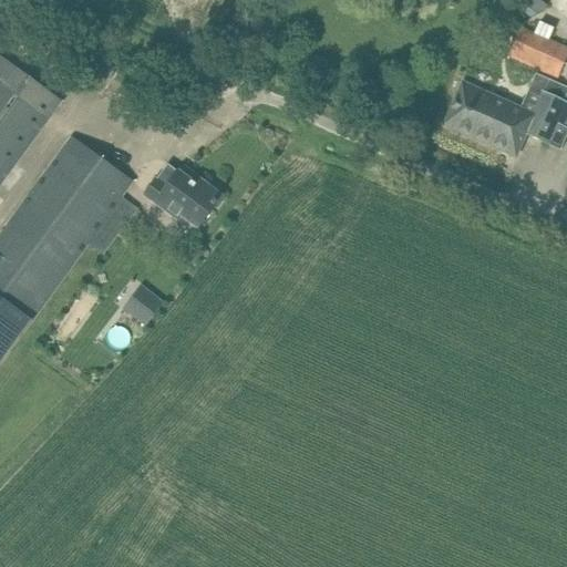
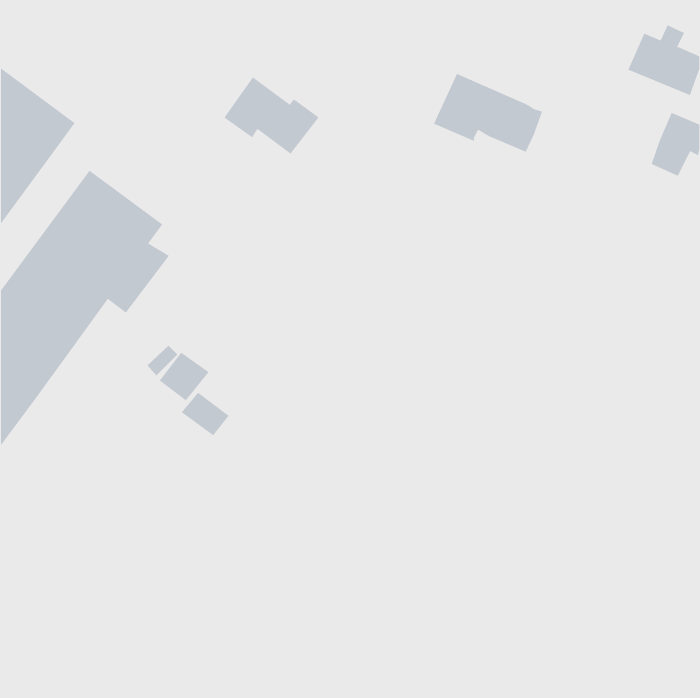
building: [444,83,533,147] -> [433,73,543,153]
building: [144,163,221,226] -> [224,77,320,155]
building: none -> [181,392,229,436]

